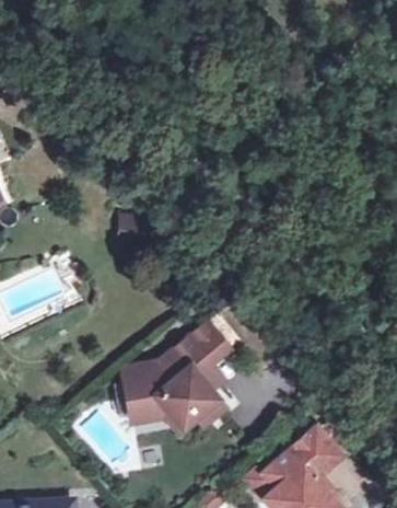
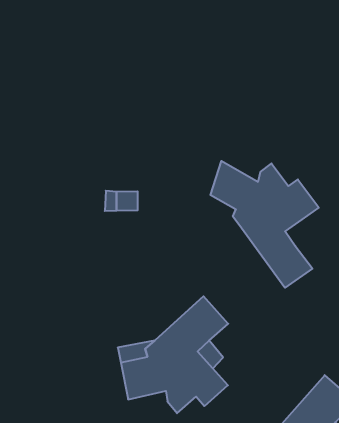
building: none -> [210,161,319,288]

